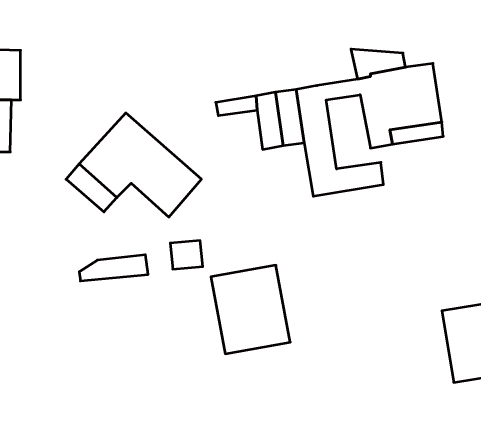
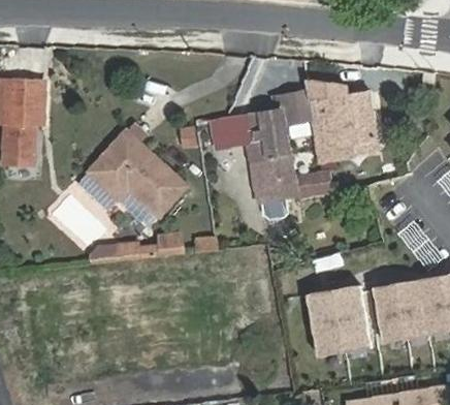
building: [211,265,290,354] -> [308,285,371,355]

